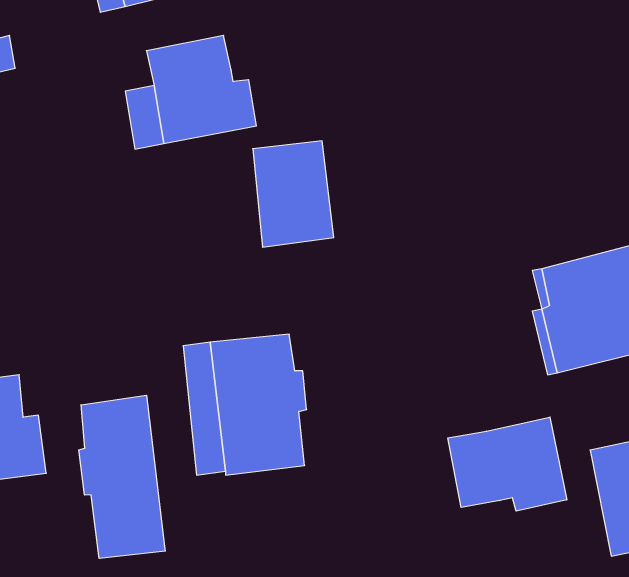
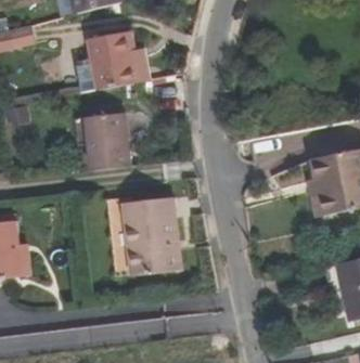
building: [253,141,334,247] -> [86,111,131,170]
building: [79,395,165,558] -> none
building: [448,417,567,511] -> none

